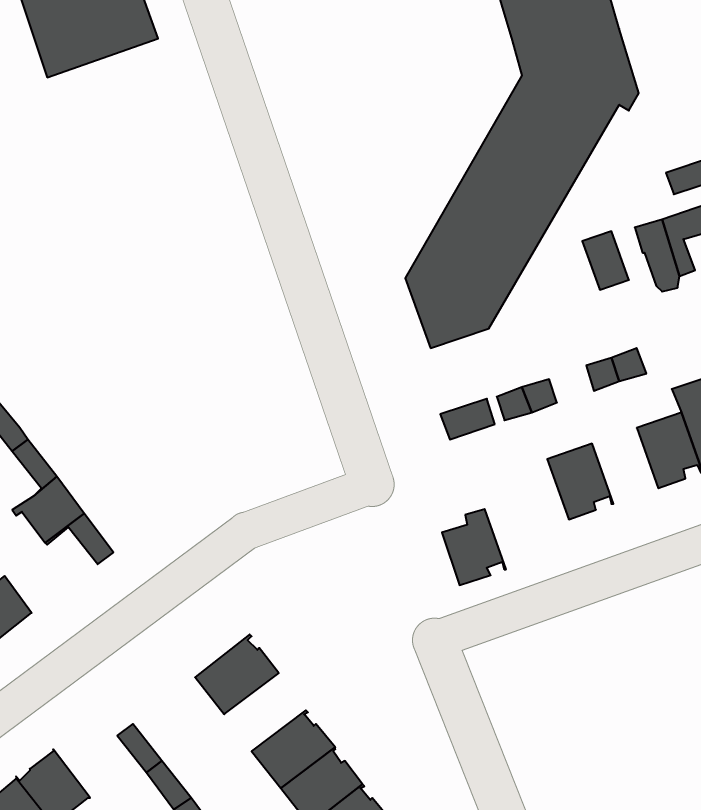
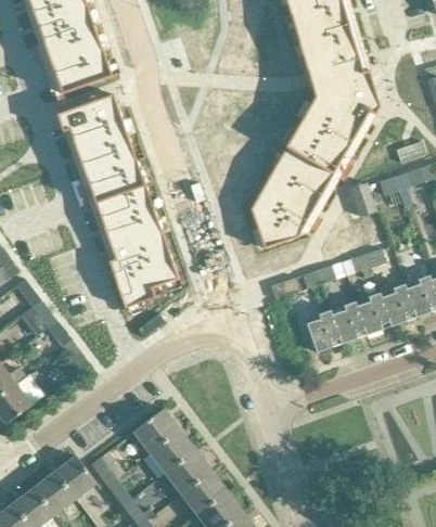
building: none -> [56,94,178,308]
building: none -> [354,293,390,335]
building: [442,509,506,585] -> [305,310,341,352]
building: none -> [149,429,194,473]
building: none -> [53,455,95,499]

